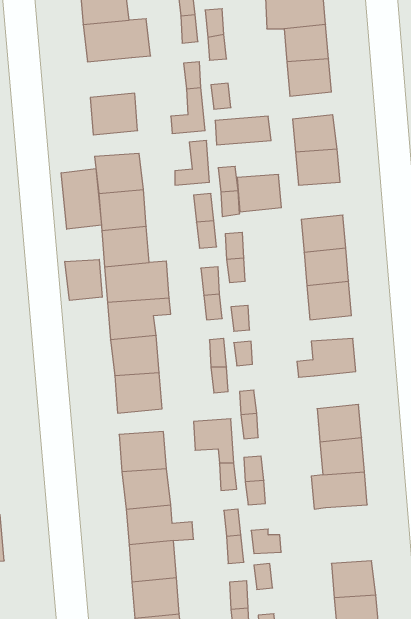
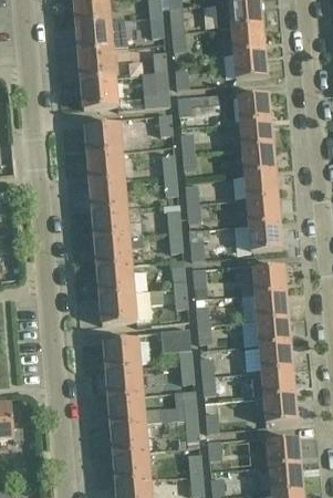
building: none -> [79,49,115,80]
building: [61,169,101,229] -> none
building: [237,175,281,212] -> [241,145,275,174]
building: [65,259,102,300] -> none
building: none -> [253,291,288,320]
building: none -> [262,394,296,423]

